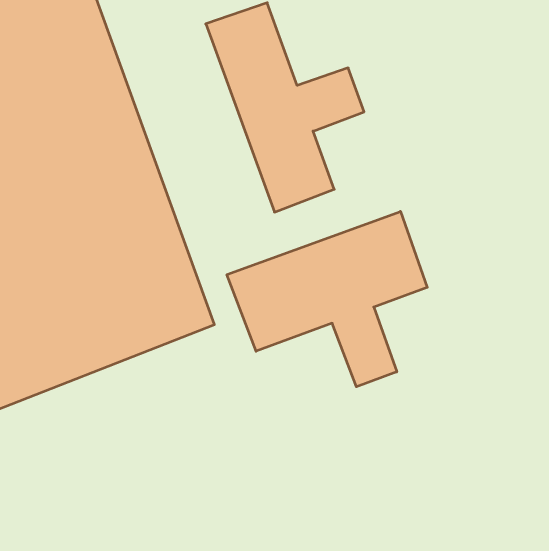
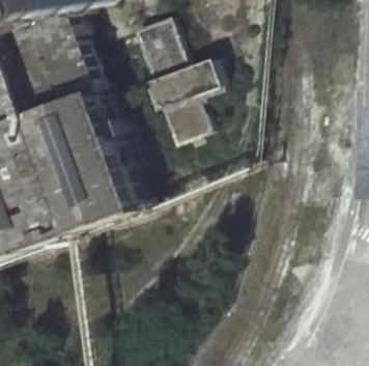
building: [227,211,427,387] -> none

